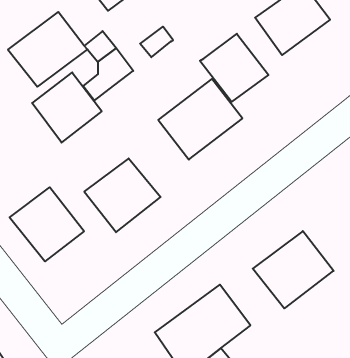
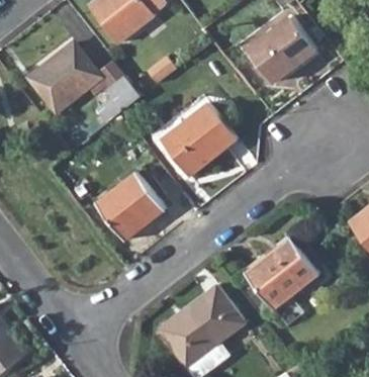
building: [200,34,268,102] -> none
building: [32,72,102,143] -> none
building: [10,187,84,261] -> none

